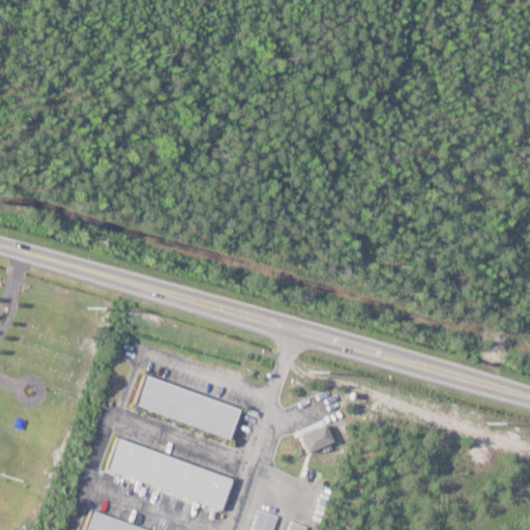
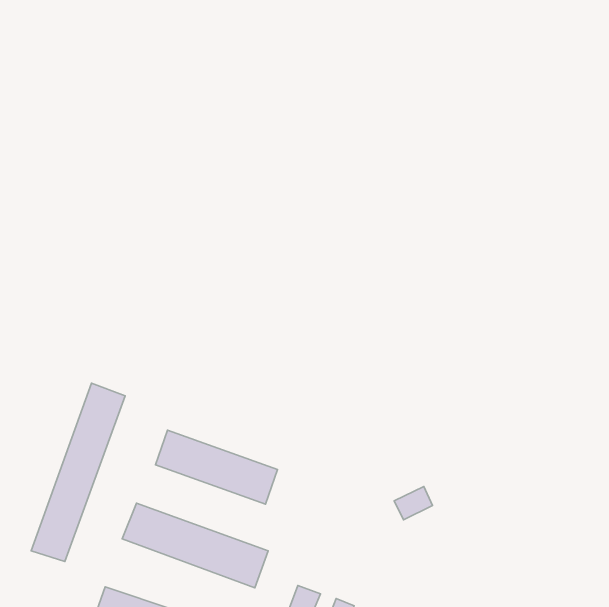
building: none -> [31,383,125,562]
building: [301,426,334,455] -> [394,487,432,520]

